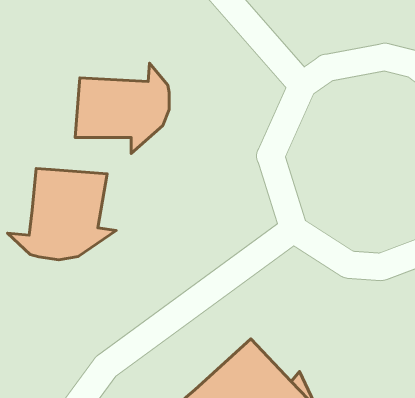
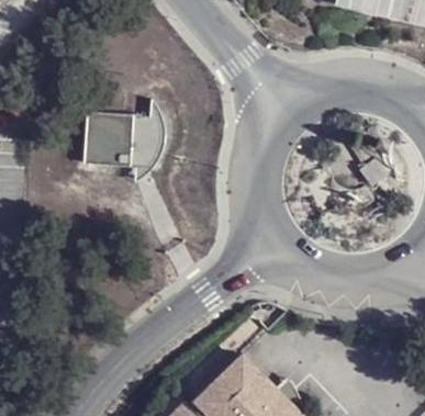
building: [8,169,116,260] -> none

